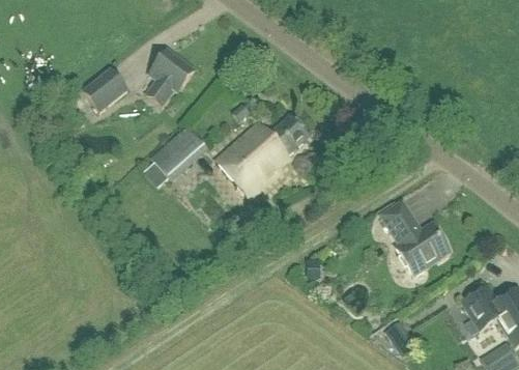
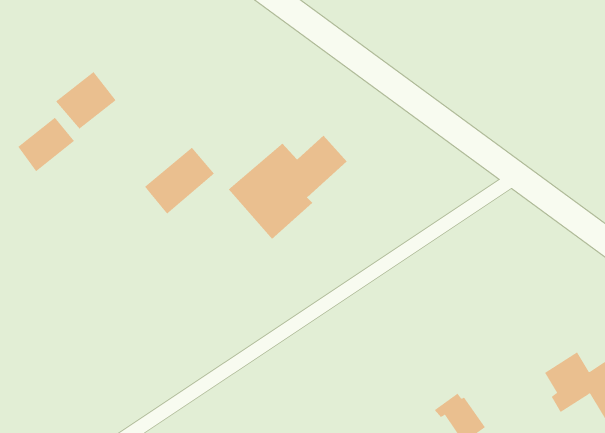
building: [145,49,194,105] -> none
building: none -> [18,117,75,172]
building: [380,201,450,274] -> none

